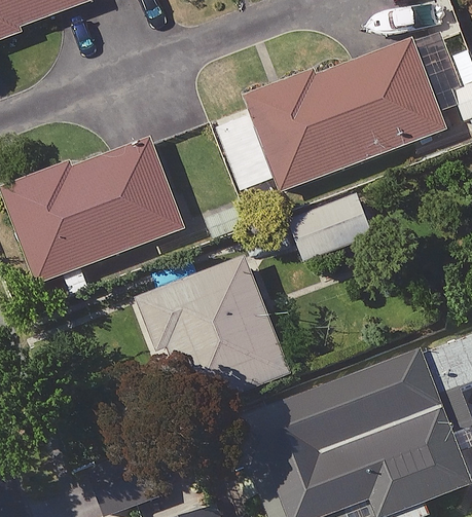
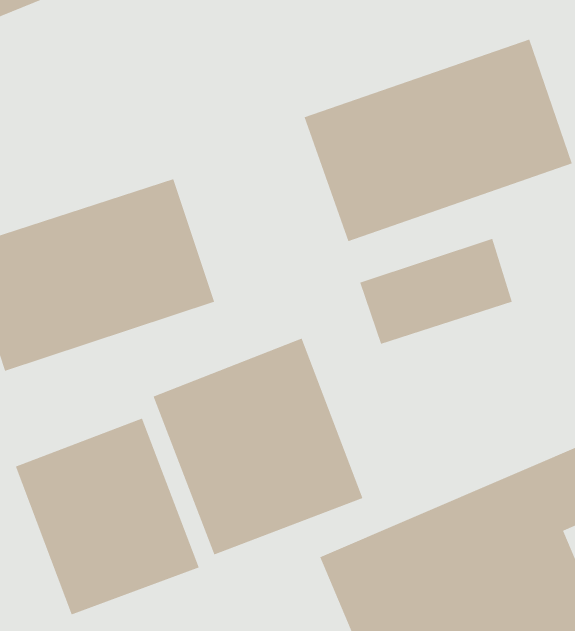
building: none -> [15,418,200,616]

